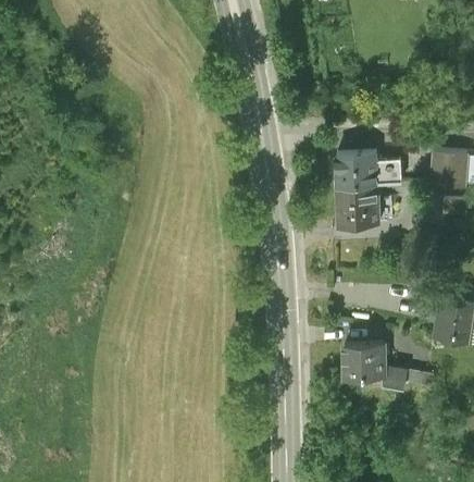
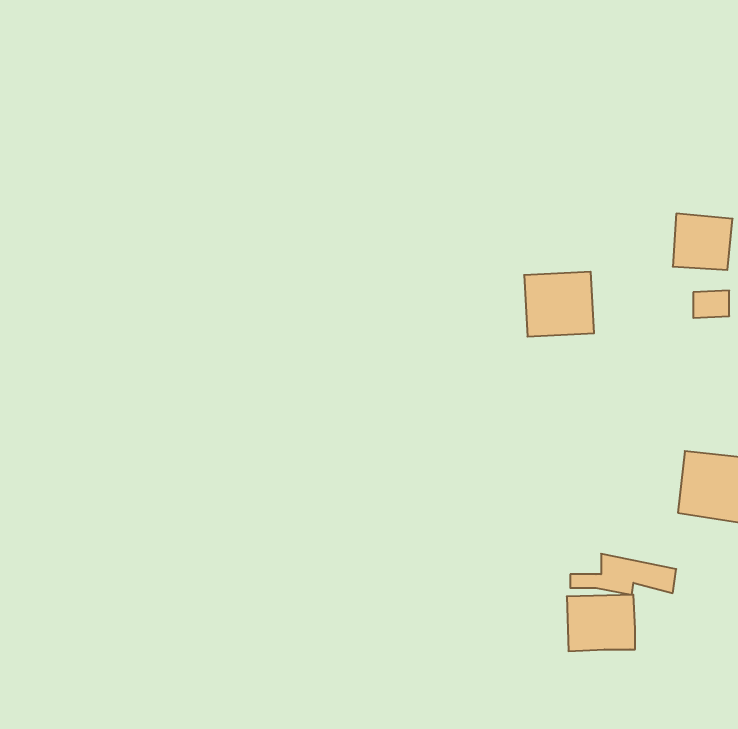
building: [334,149,402,186] -> none
building: [341,342,385,378] -> [567,595,635,651]

